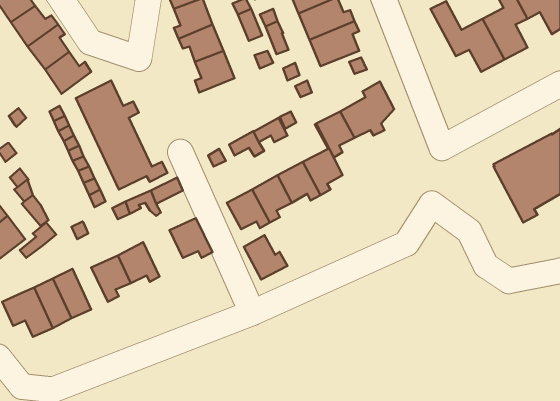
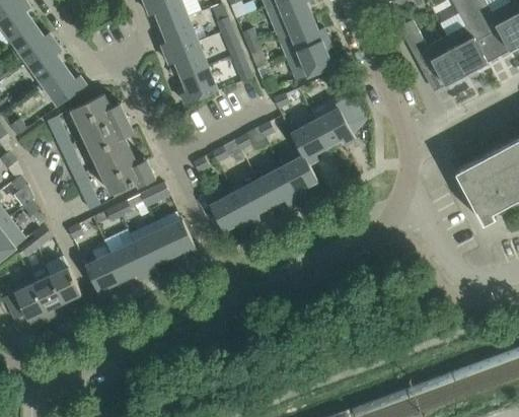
building: none -> [133,230,169,273]
building: [244,235,287,280] -> none

